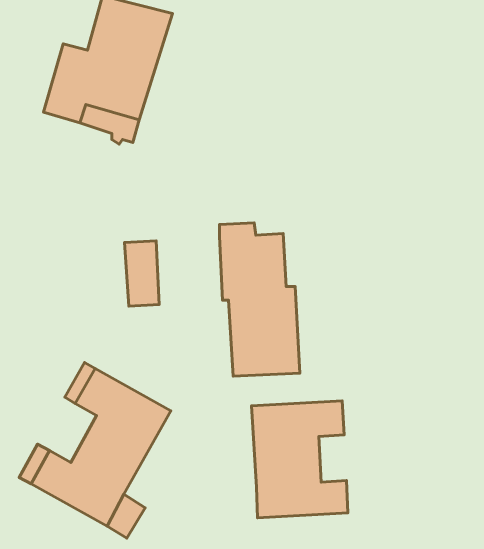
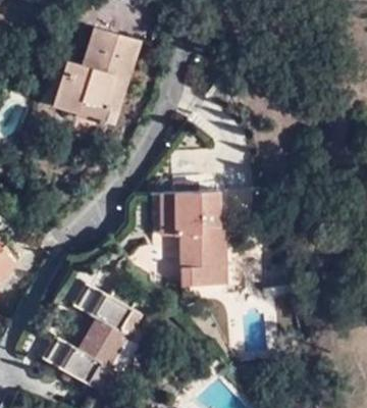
building: [124,241,159,306] -> [151,194,174,238]
building: [251,401,348,518] -> none

